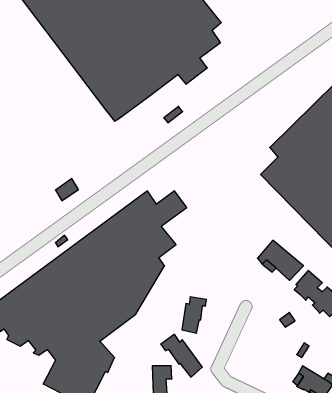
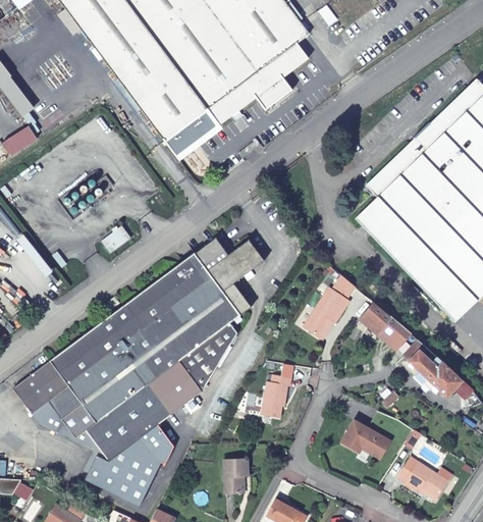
building: none -> [301,272,354,336]
building: [161,334,202,377] -> none
building: none -> [339,419,388,458]

